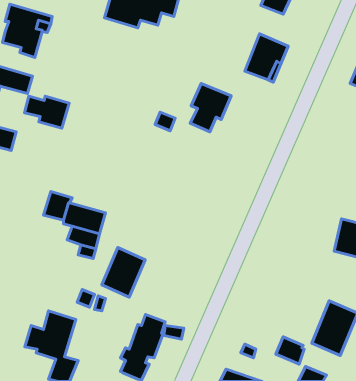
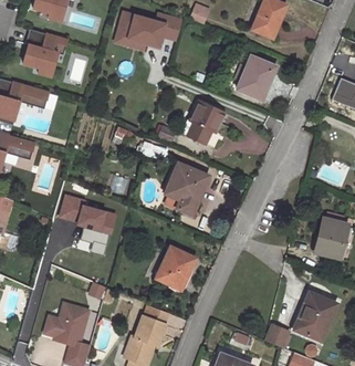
building: [24,96,69,128] -> none
building: none -> [167,163,209,213]
building: [102,248,145,297] -> [157,245,196,290]

